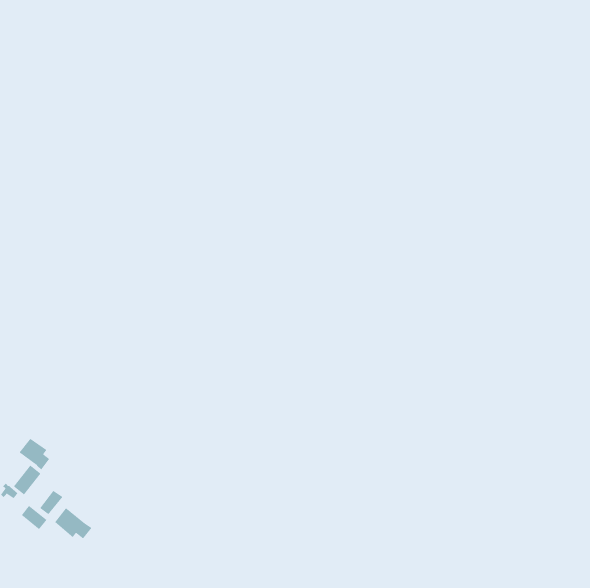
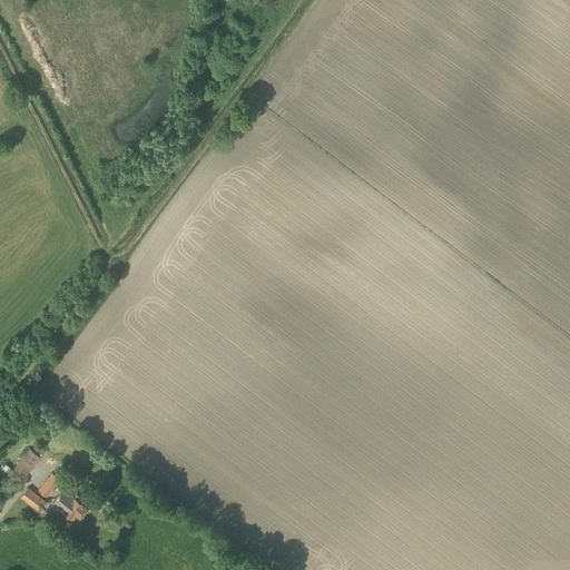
building: [19,438,50,470] -> none

